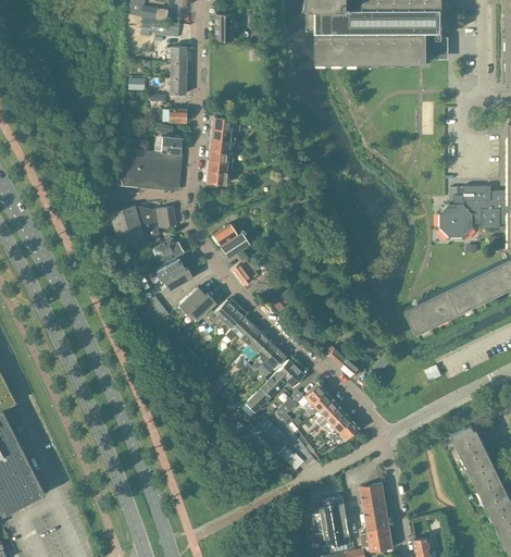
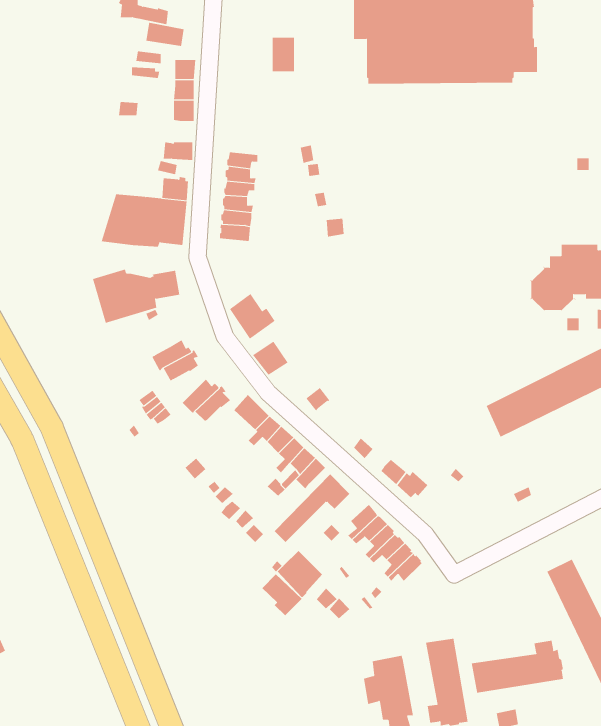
building: [214,15,232,41] -> [272,37,295,72]
building: [151,238,182,264] -> none
building: none -> [261,574,302,616]
building: none -> [471,640,564,693]

